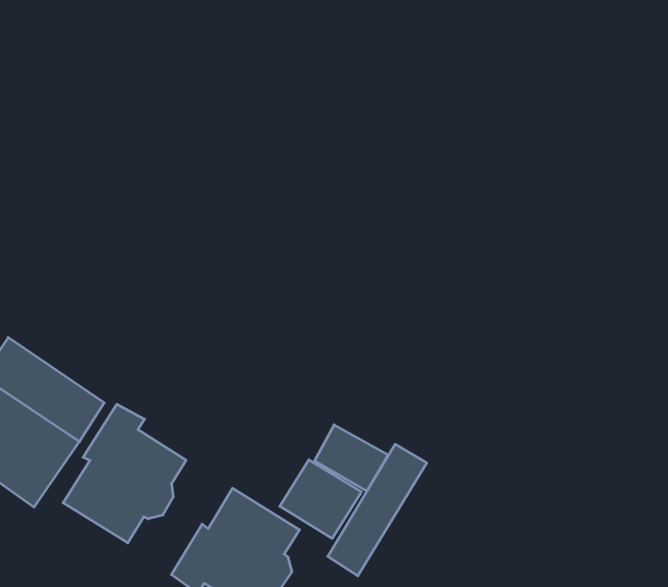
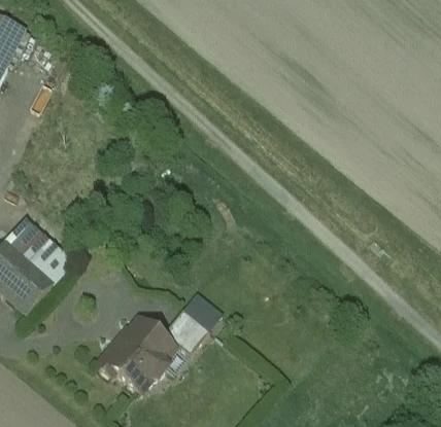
building: [63,404,186,543] -> none
building: [328,444,427,576] -> none

